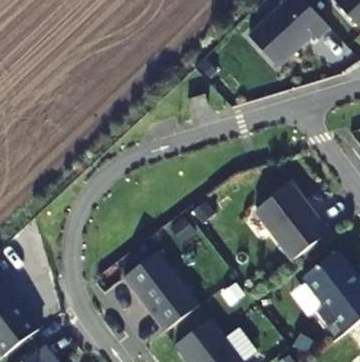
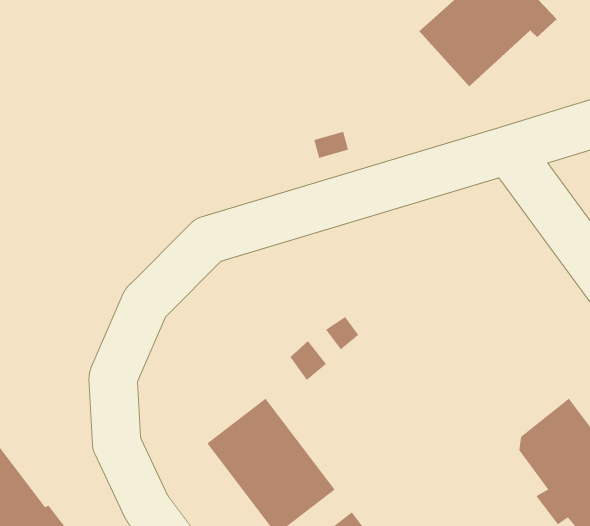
building: [254,183,328,260] -> none

